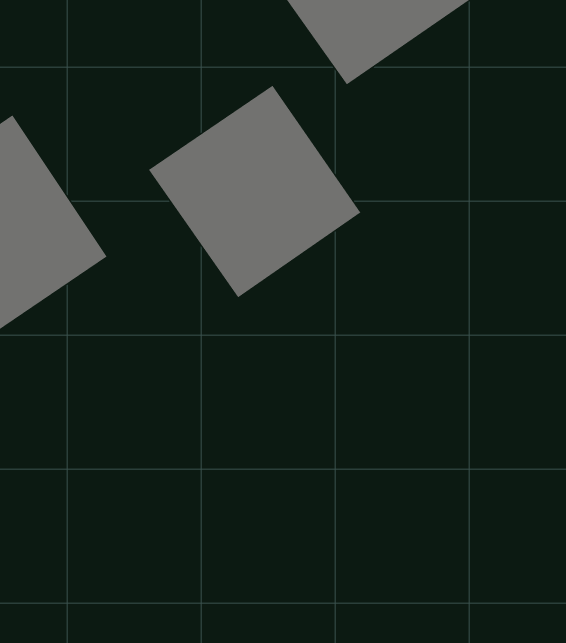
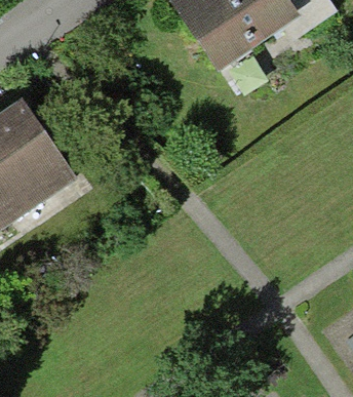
building: [148,85,361,298] -> none

